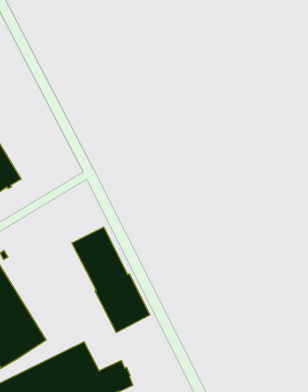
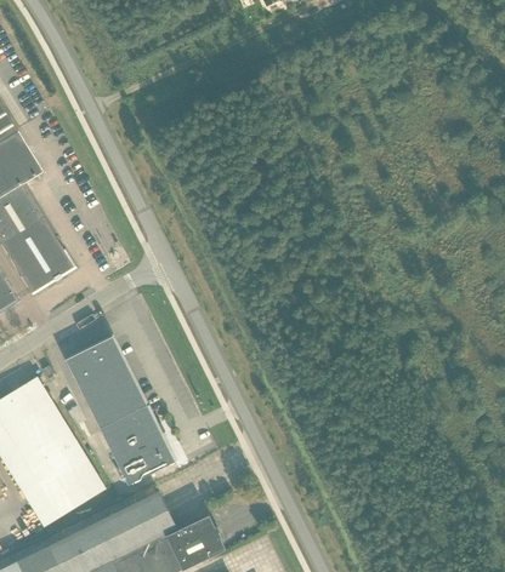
building: [72,227,150,332] -> [68,339,175,484]

